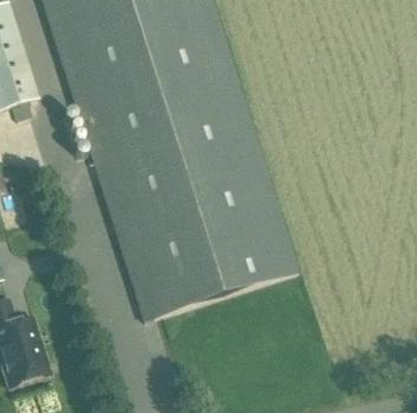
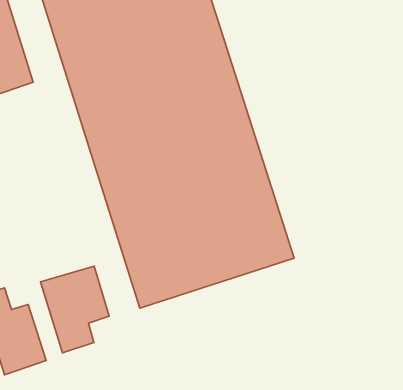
building: none -> [40,266,109,353]

